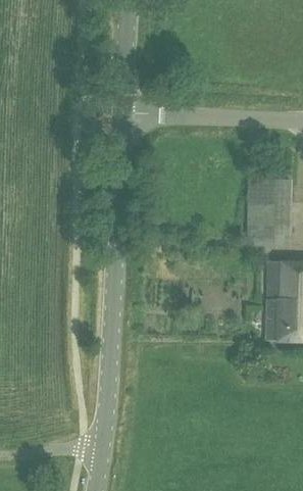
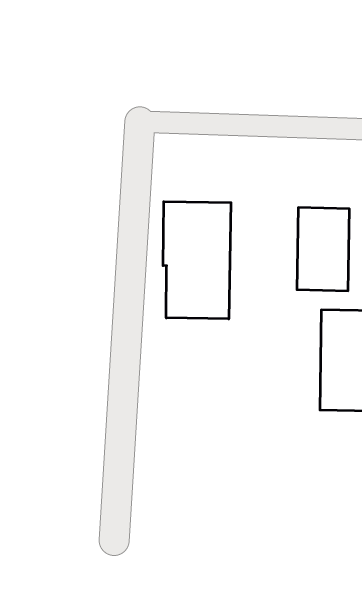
building: none -> [163,202,231,319]

